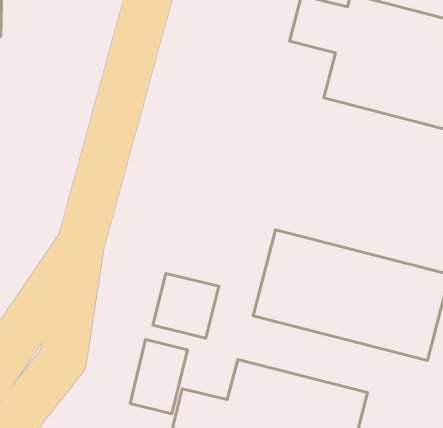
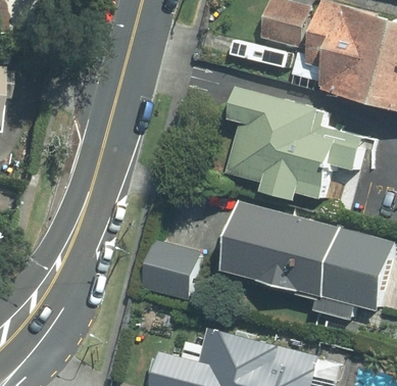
building: none -> [229,94,366,209]
building: [130,340,187,414] -> none

